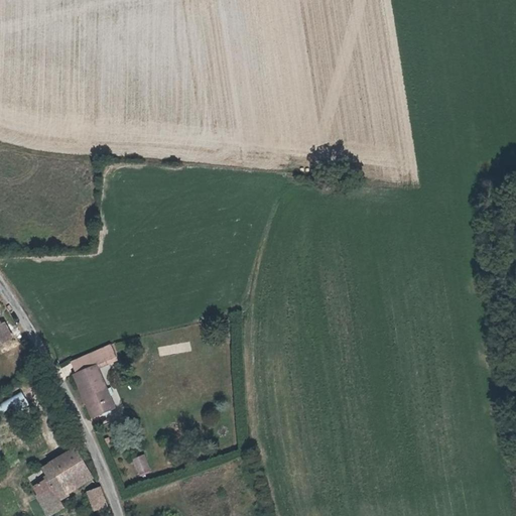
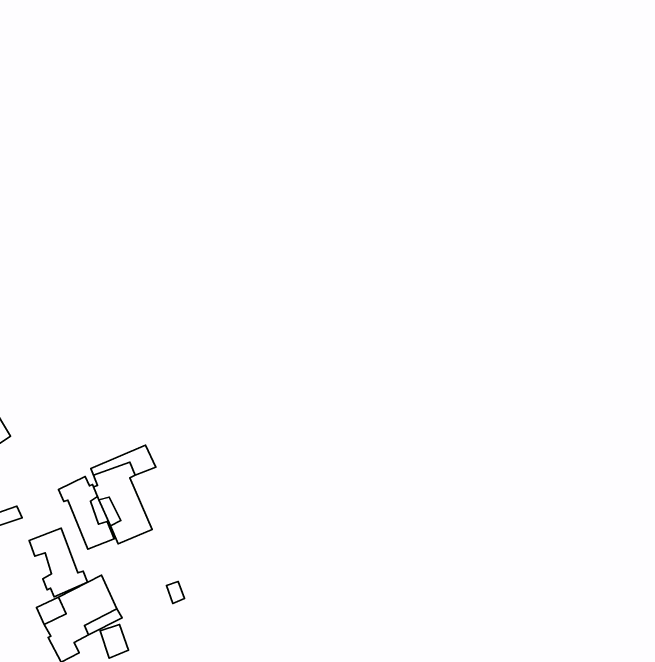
building: none -> [59,477,114,549]
building: none -> [29,528,87,597]

